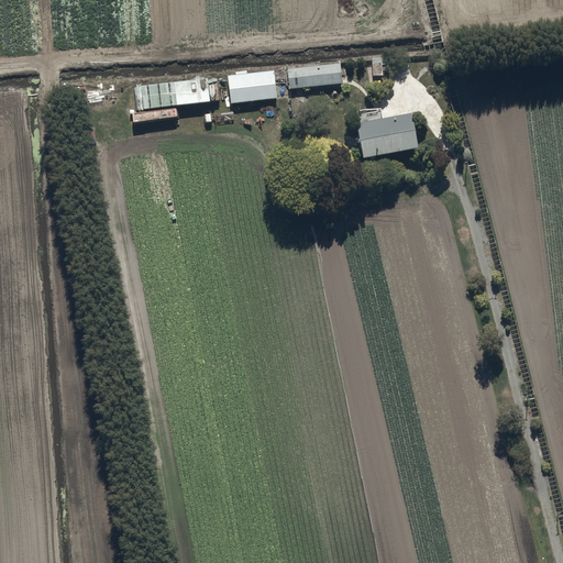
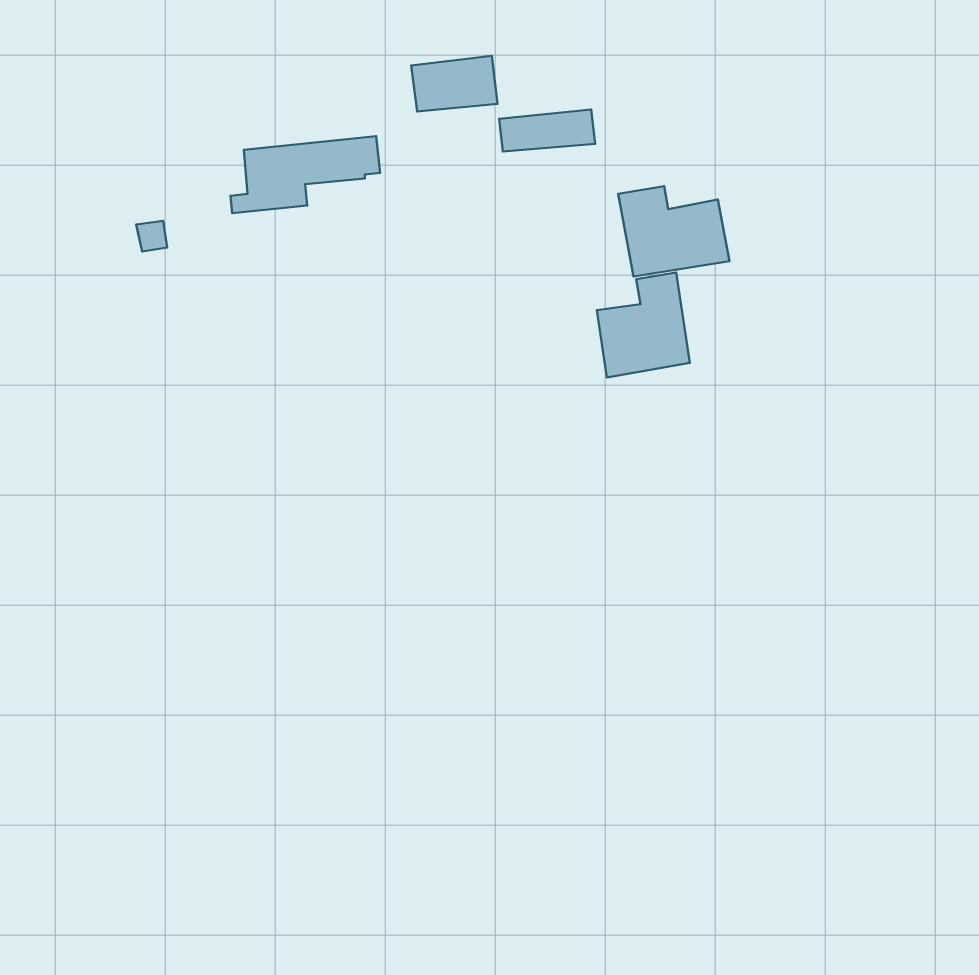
building: [227,70,276,102] -> [411,56,498,112]
building: none -> [597,273,690,377]

